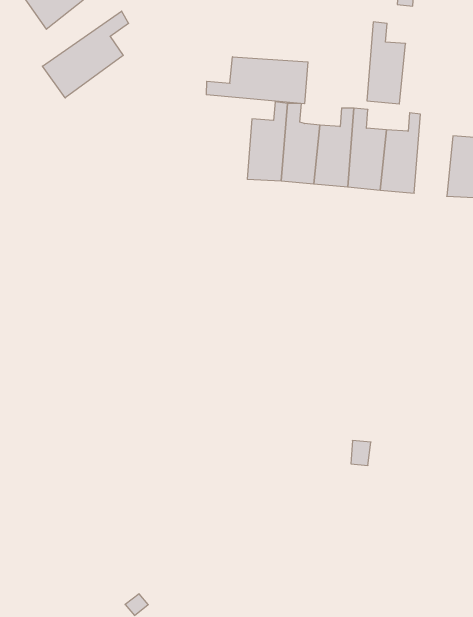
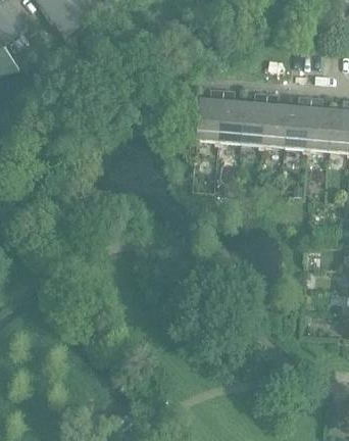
building: [42,11,129,98] -> none
building: [367,22,406,104] -> [306,94,332,148]
building: [206,57,308,104] -> none

